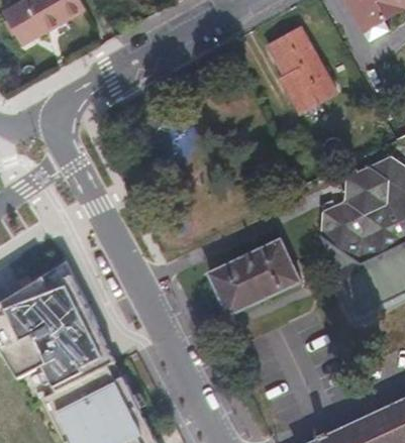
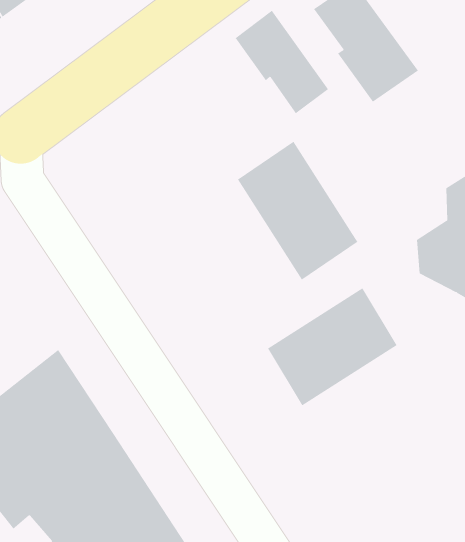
building: none -> [235,10,329,114]
building: none -> [237,141,358,281]

